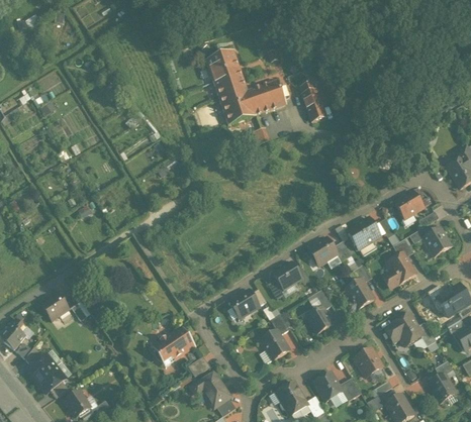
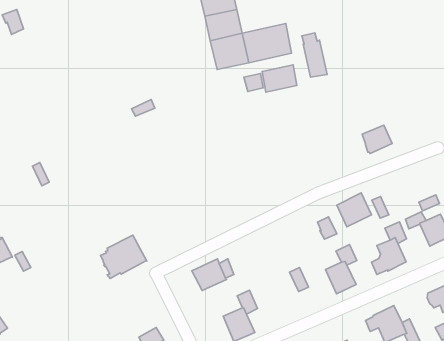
building: none -> [262,65,297,92]
building: [395,192,422,218] -> [362,125,392,154]
building: [308,237,337,266] -> none
building: [273,262,301,290] -> none
building: [306,307,333,333] -> none
building: [155,325,196,365] -> [100,235,147,279]

